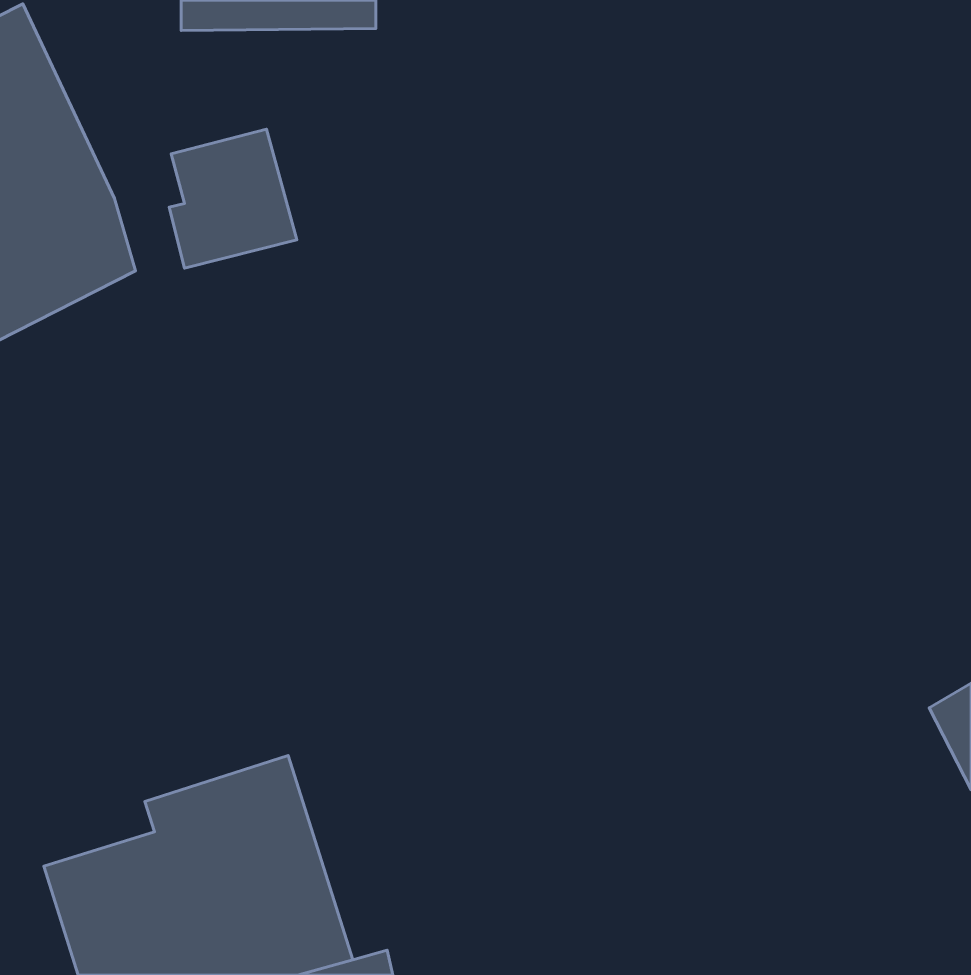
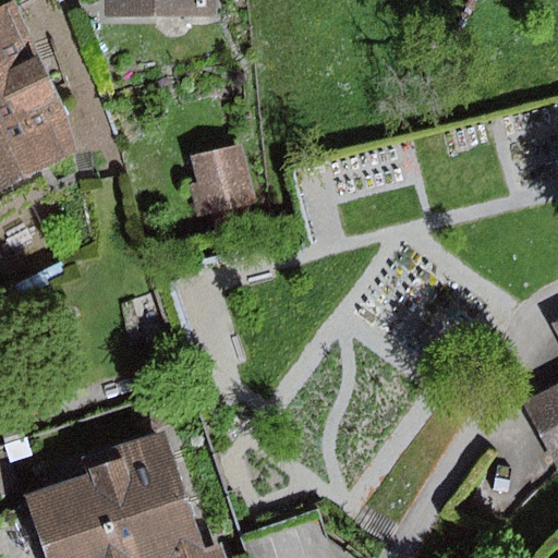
building: [169,129,297,268] -> [186,142,259,221]

